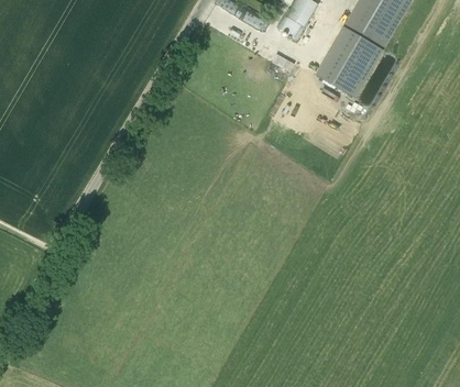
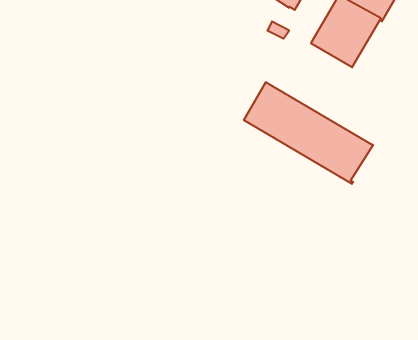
building: none -> [244,82,373,184]

